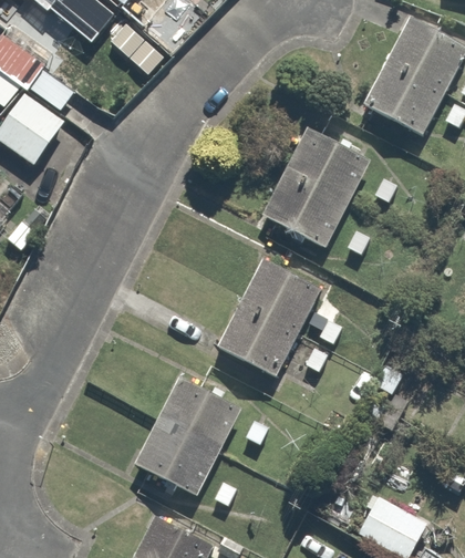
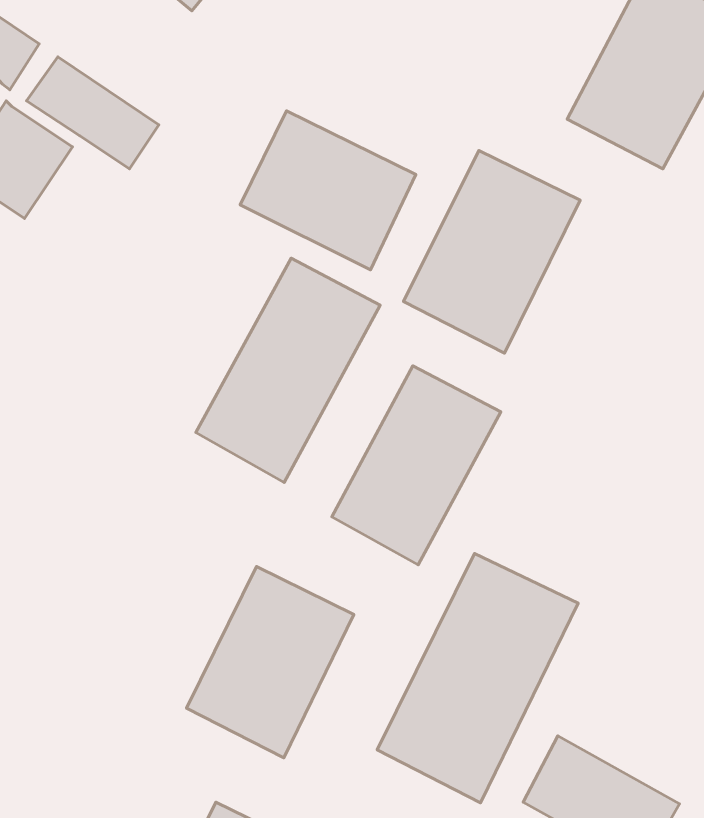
building: none -> [240,111,416,270]
building: none -> [196,258,380,482]
building: none -> [377,553,578,803]

